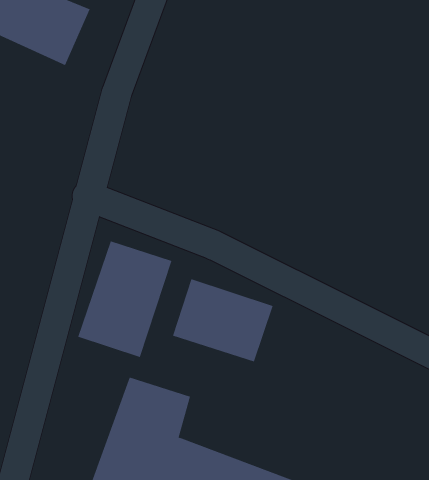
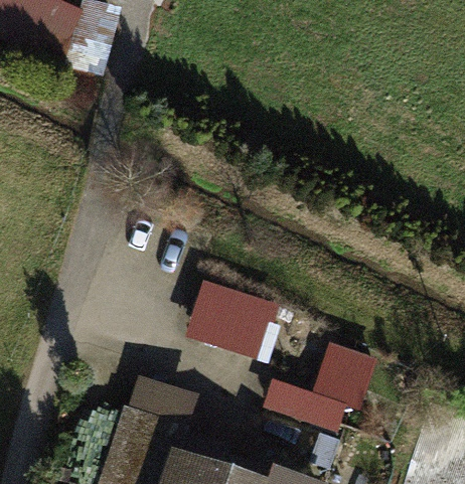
building: [78,241,172,358] -> none
building: none -> [279,336,391,430]

